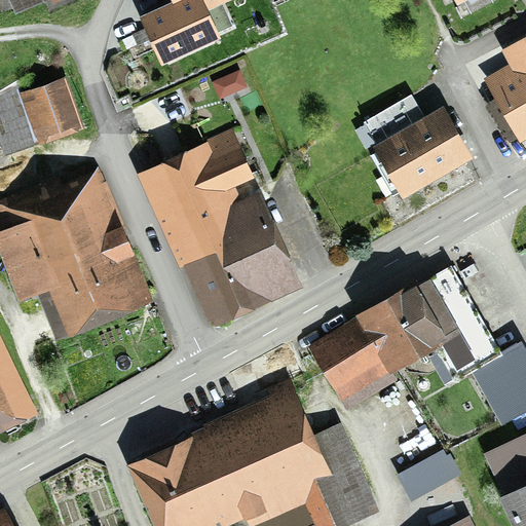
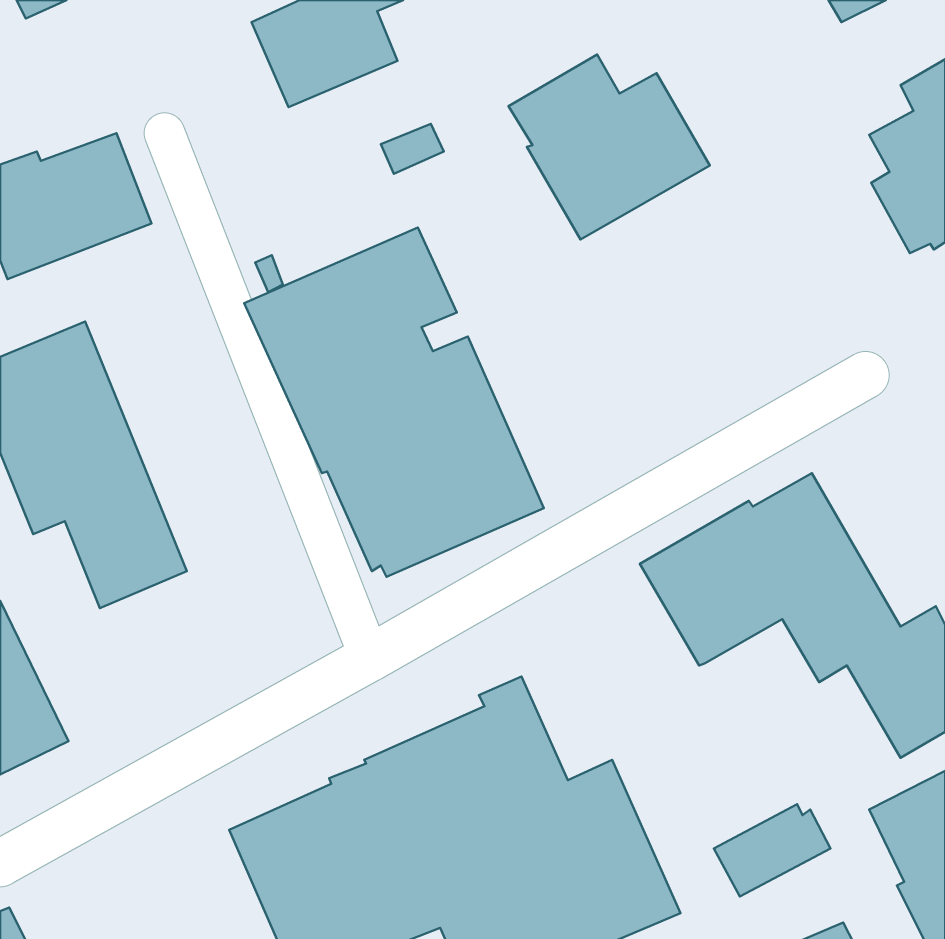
building: [362,95,474,197] -> [508,55,710,239]
building: [47,168,151,321] -> none
building: [306,316,397,411] -> none

